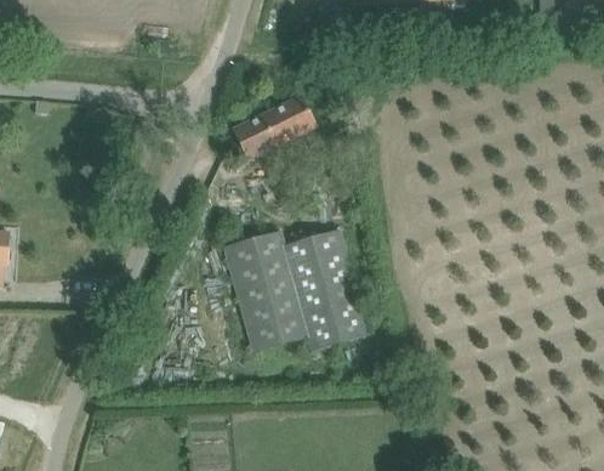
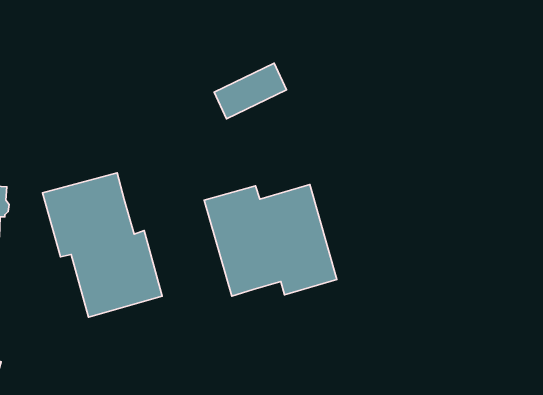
building: none -> [42,173,162,317]

